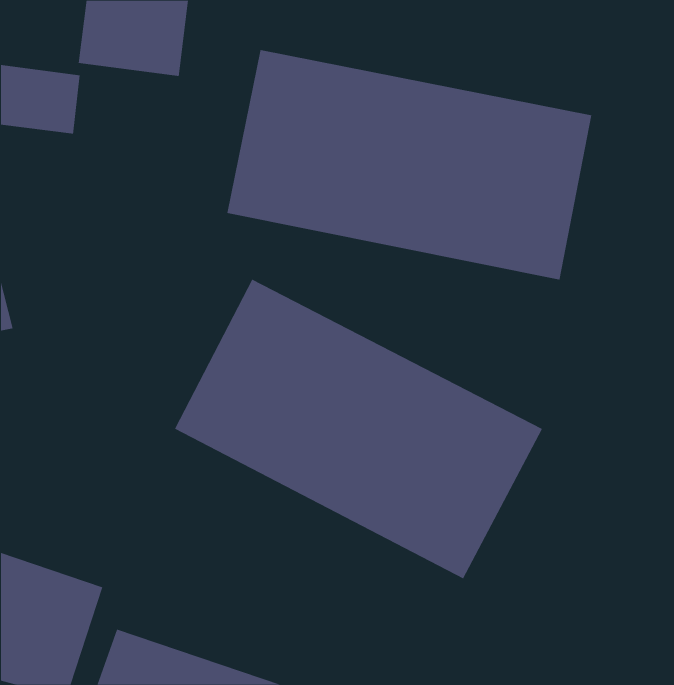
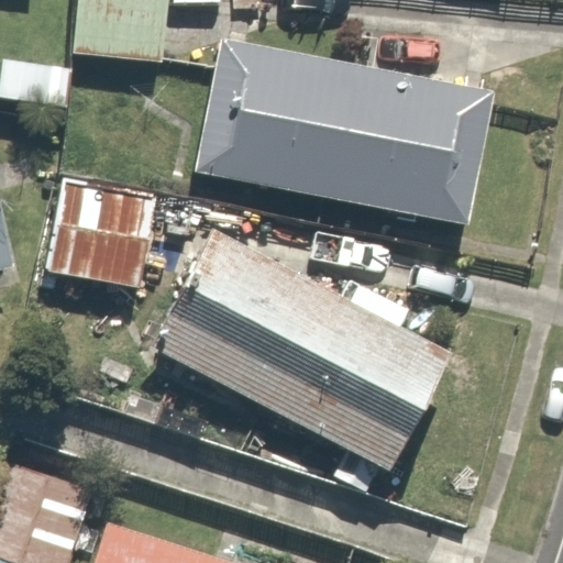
building: none -> [43,173,161,280]

